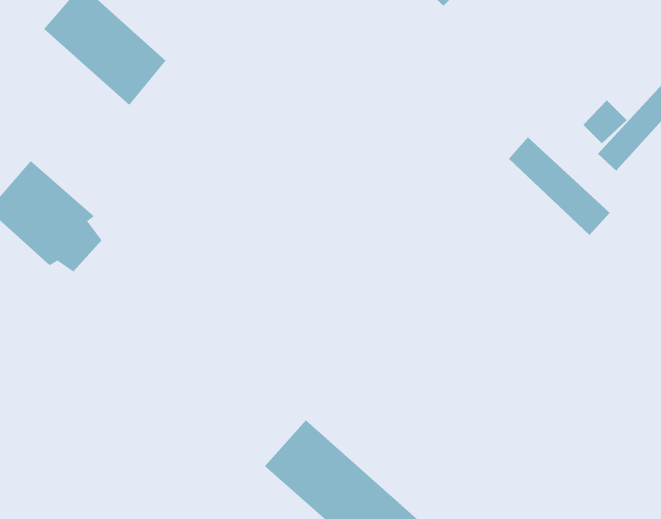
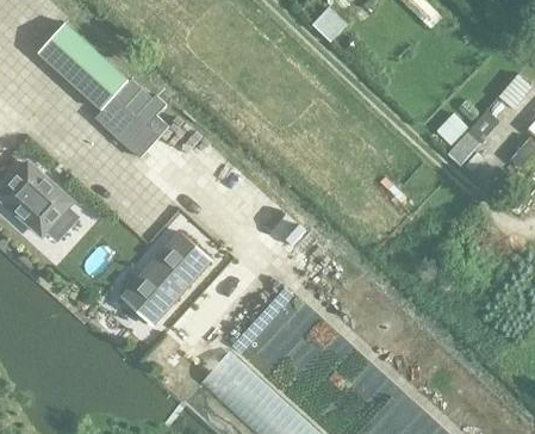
building: none -> [93,82,167,161]
building: [508,137,611,236] -> none
building: none -> [117,231,212,329]

